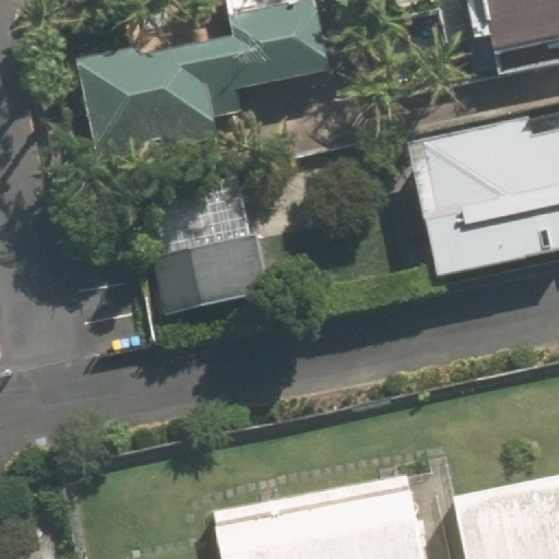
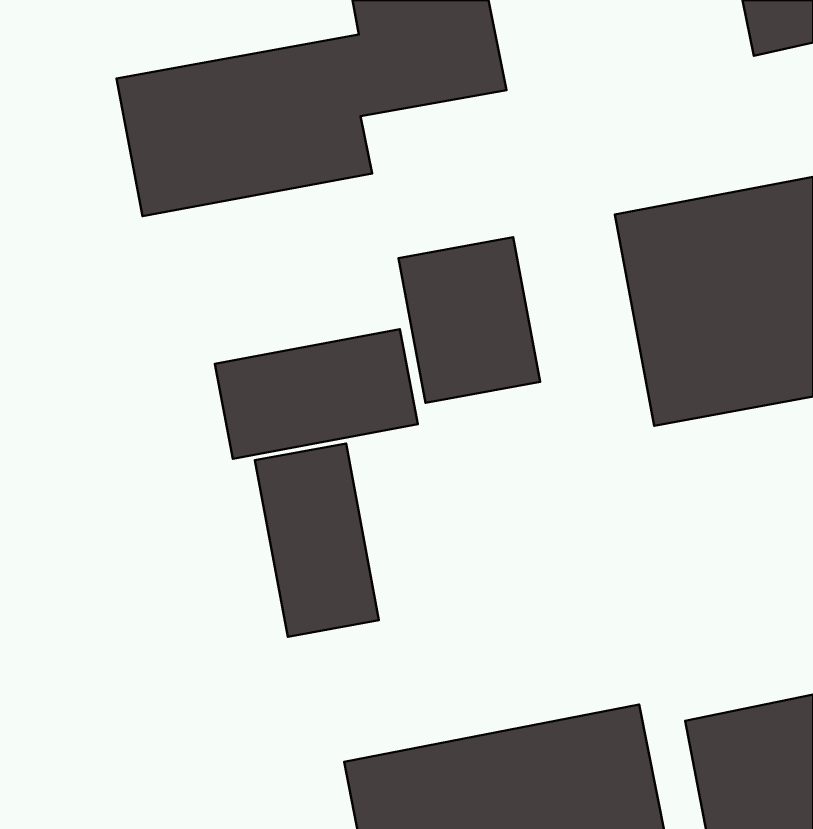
building: none -> [398,237,540,403]
building: none -> [255,444,379,637]

